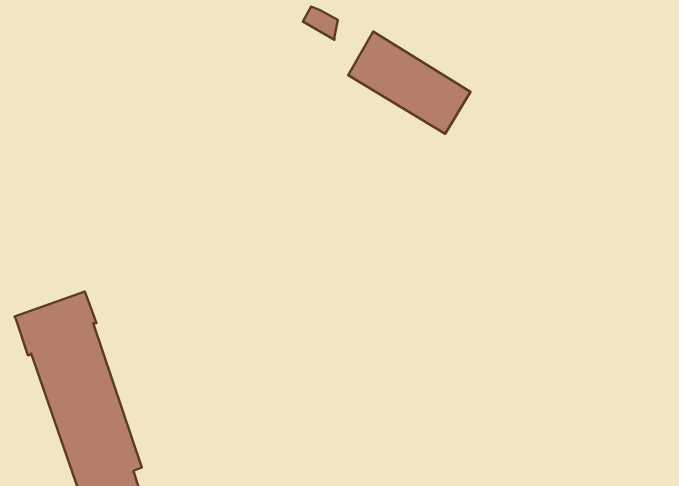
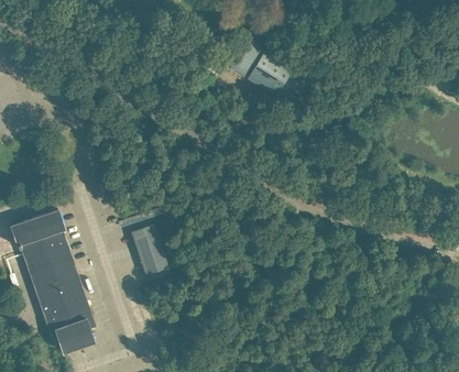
building: none -> [132,226,170,280]

